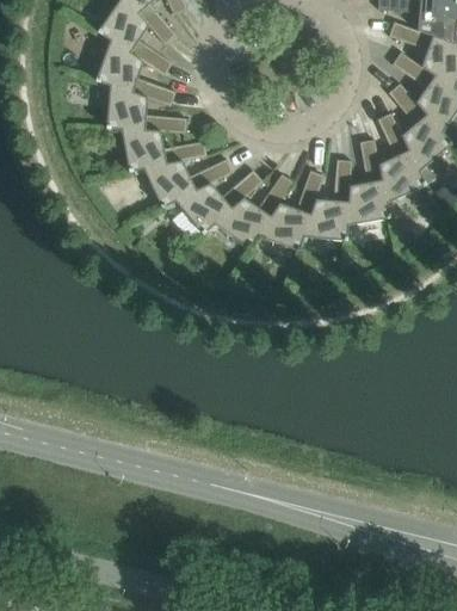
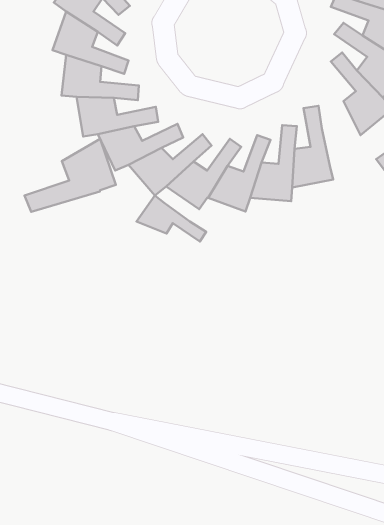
building: [377,112,426,202] -> none
building: none -> [24,139,116,212]
building: none -> [137,196,206,241]

